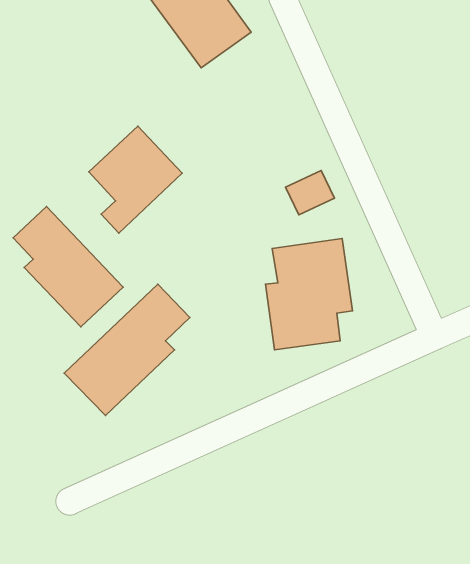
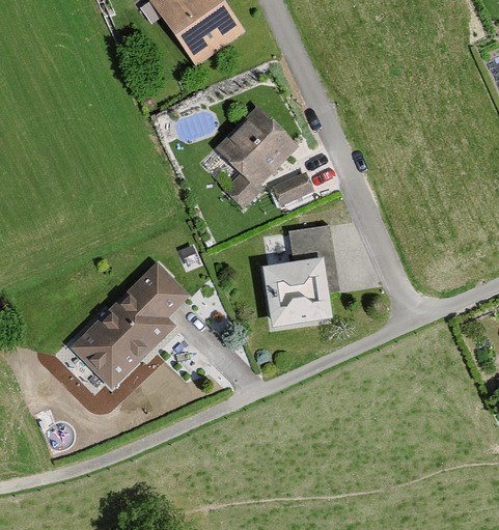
building: [89,126,182,233] -> [214,107,301,206]
building: [13,206,123,327] -> none

